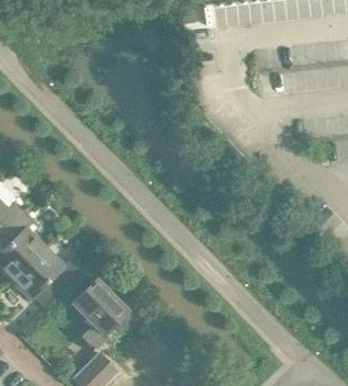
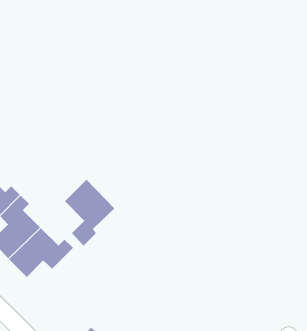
building: [74,279,128,351] -> [64,179,115,246]

